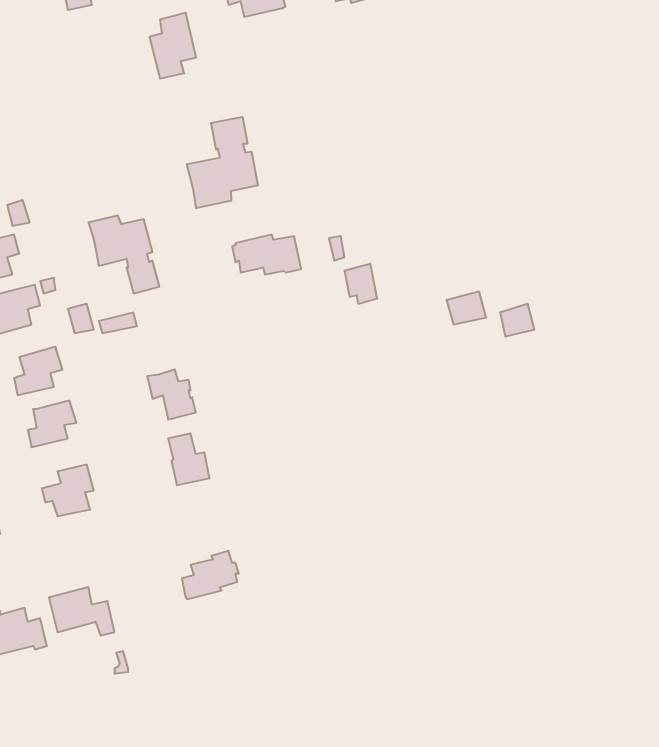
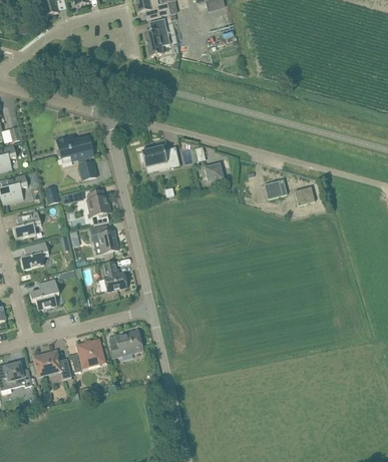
building: [150,13,196,78] -> [143,17,170,55]
building: [187,117,258,208] -> none
building: none -> [87,189,110,224]
building: none -> [73,339,104,372]

